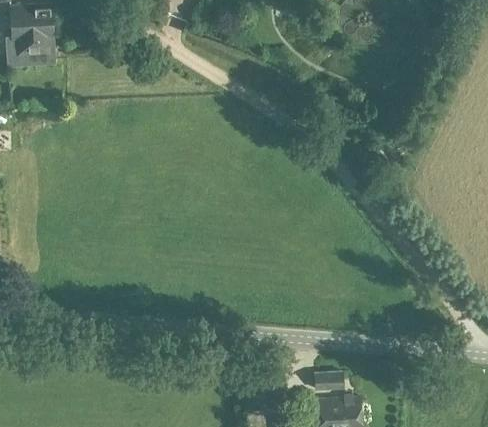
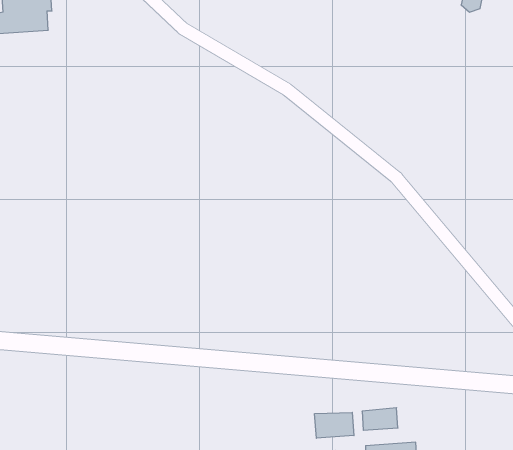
building: none -> [315,412,354,438]

